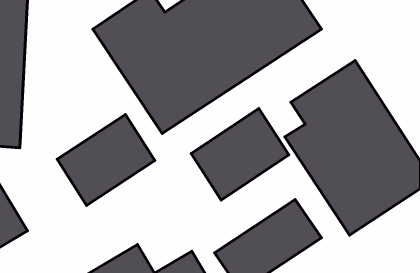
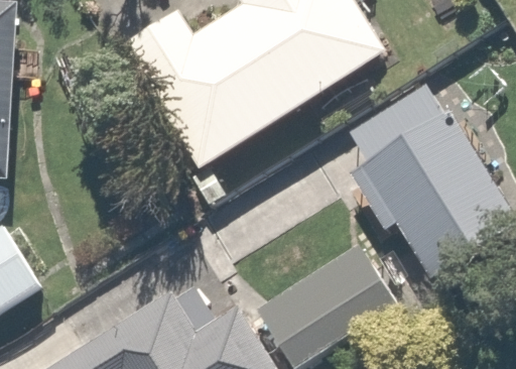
building: [191,108,289,200] -> none
building: [57,114,155,205] -> none

